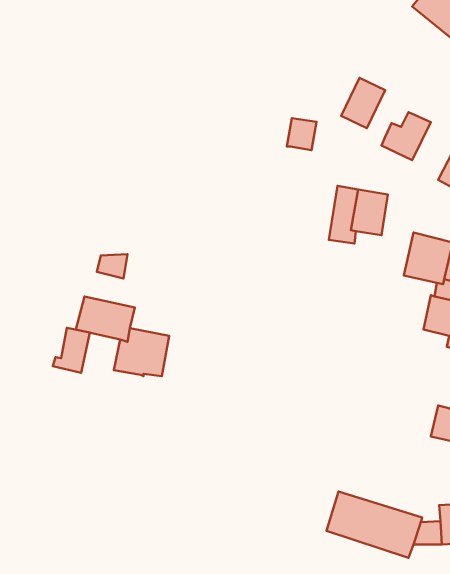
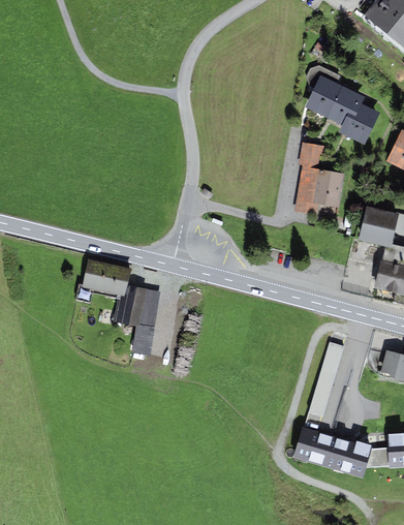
building: none -> [327,86,366,125]
building: [287,118,316,150] -> [299,143,323,169]
building: [97,254,128,278] -> none
building: [53,328,90,373] -> none
building: none -> [132,325,154,356]
building: none -> [308,342,343,418]

